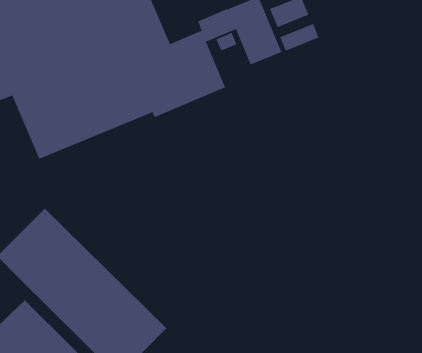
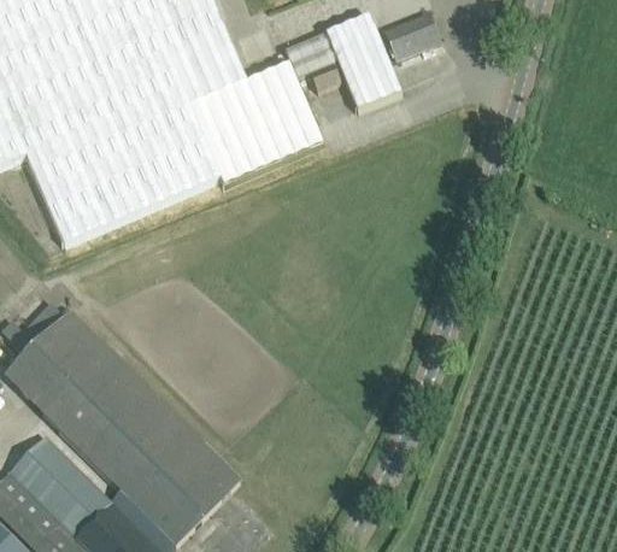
building: [280,23,319,51] -> none

